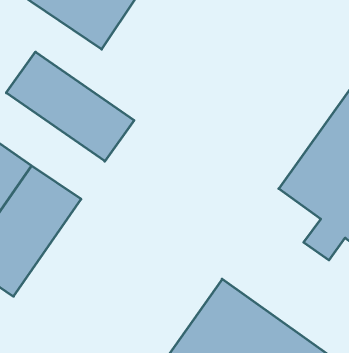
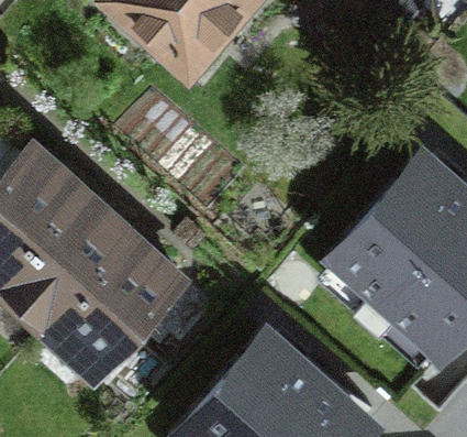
building: [6,52,134,161] -> none
building: none -> [53,233,188,372]

